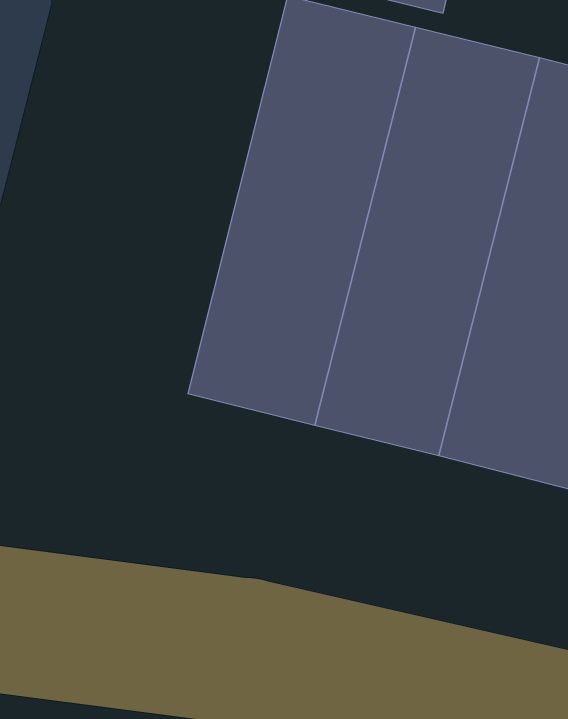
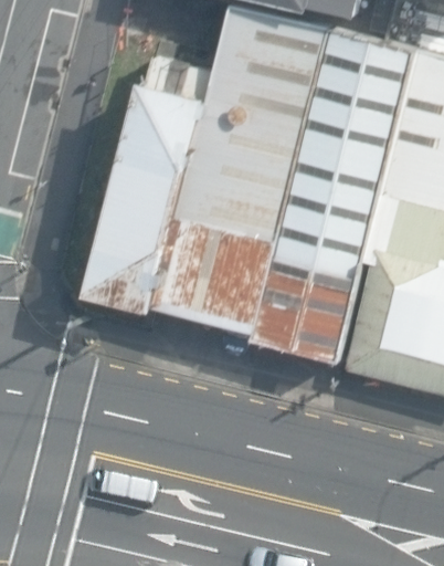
building: none -> [83,59,210,311]

